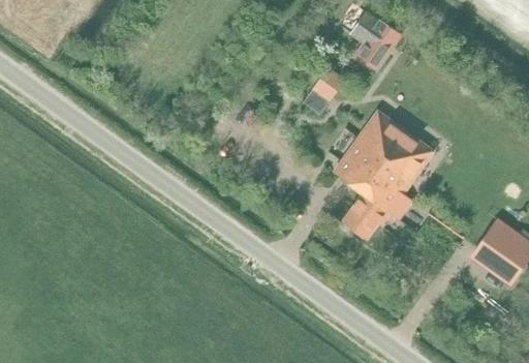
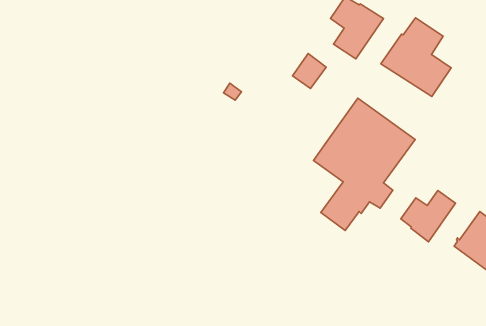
building: none -> [381,18,451,97]
building: none -> [401,190,456,242]

